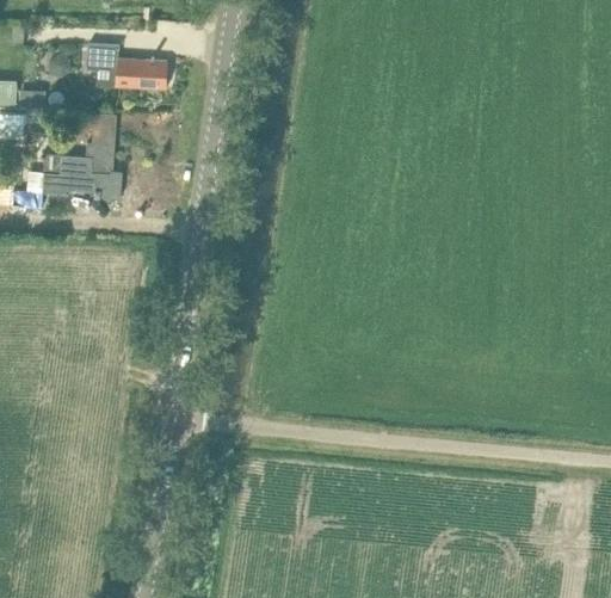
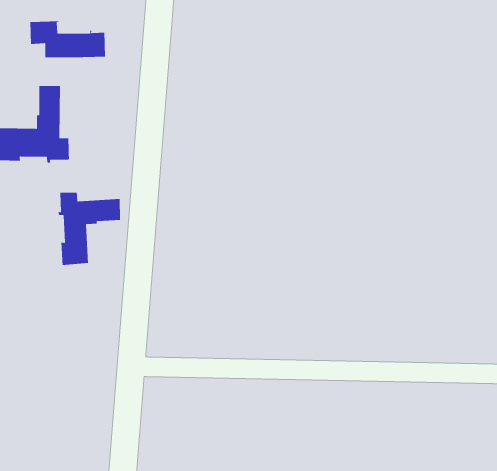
building: none -> [58,192,121,266]

